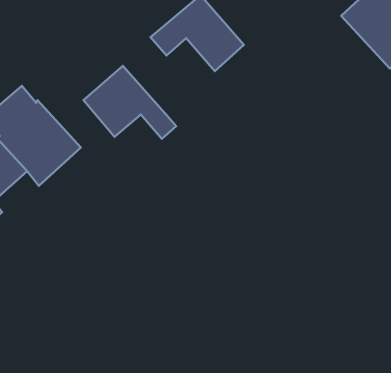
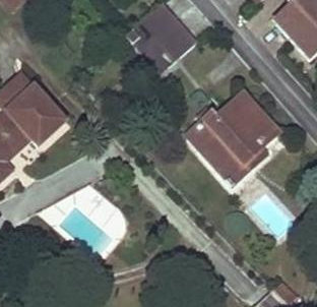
building: [83,66,176,139] -> none
building: none -> [189,93,275,183]

